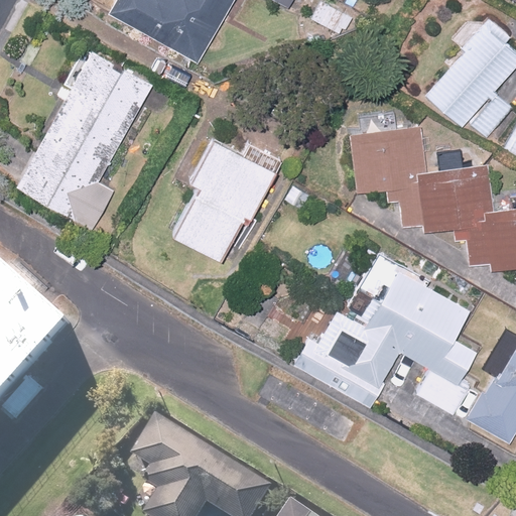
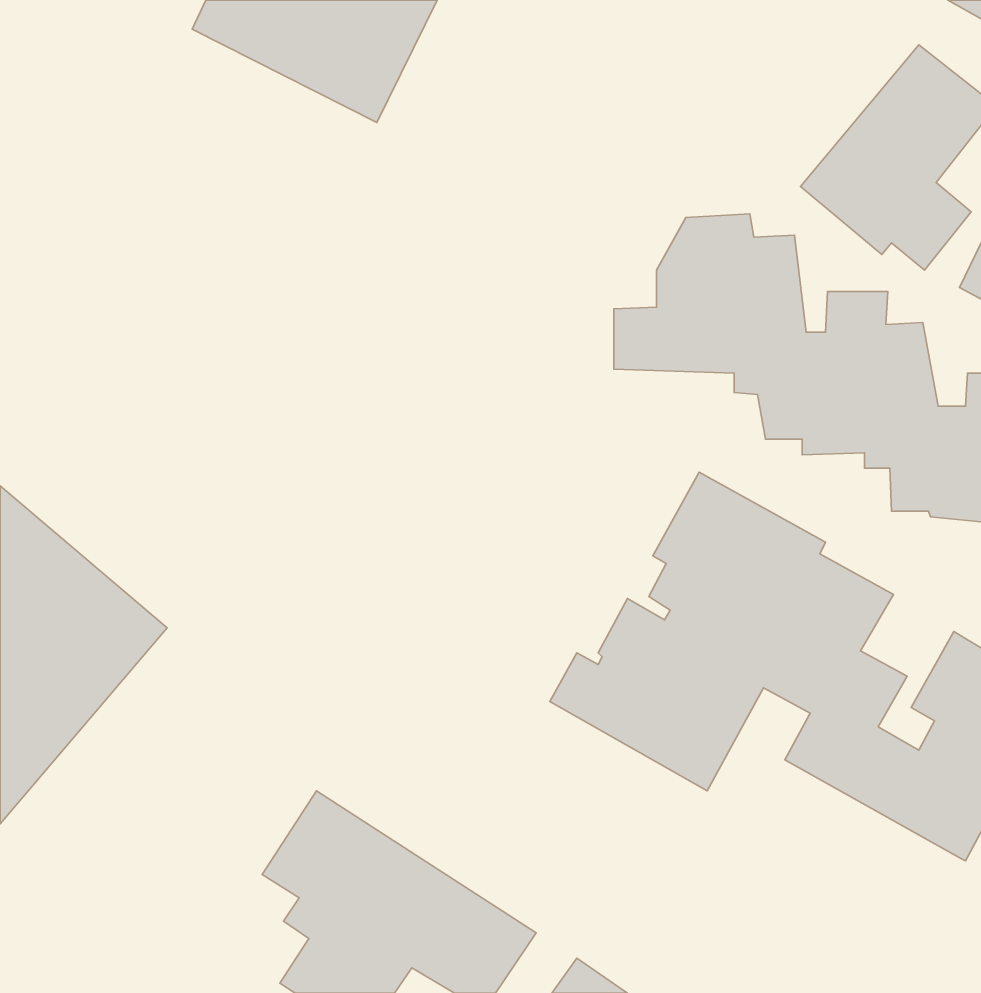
building: [14,53,151,233] -> none
building: [168,142,283,266] -> none

